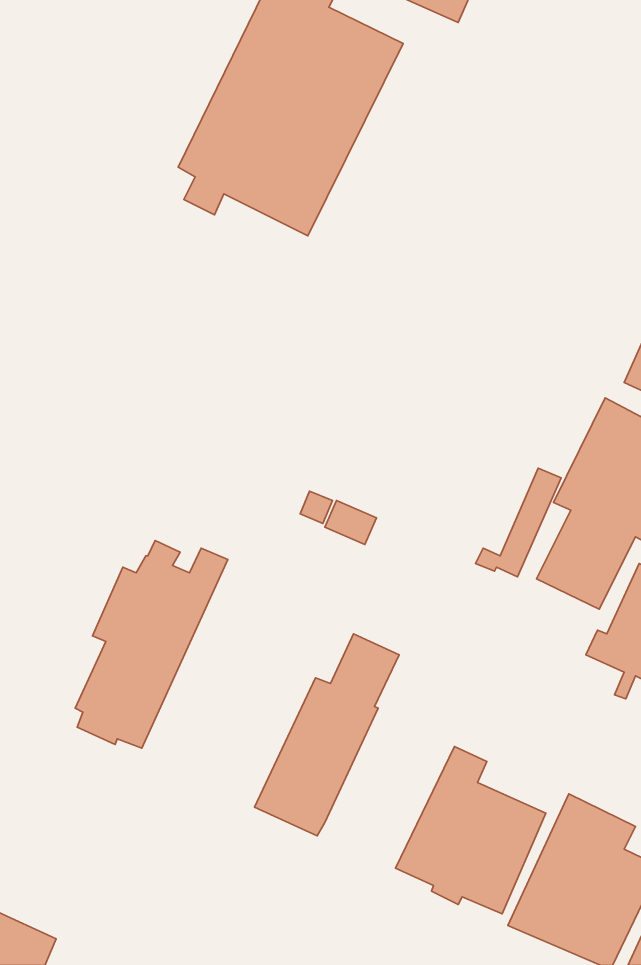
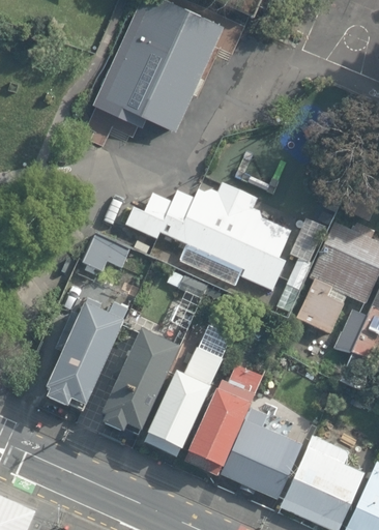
building: none -> [83,182,291,290]
building: none -> [98,328,180,435]
building: none -> [185,365,262,476]

